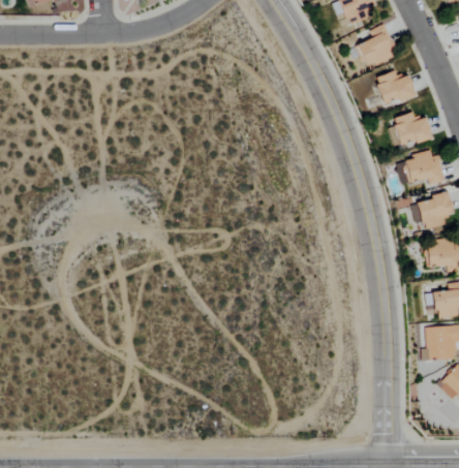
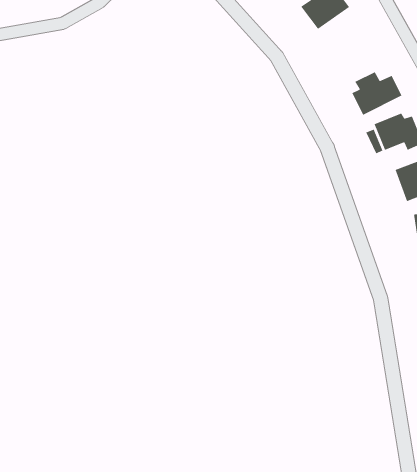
building: [374,71,416,106] -> none

